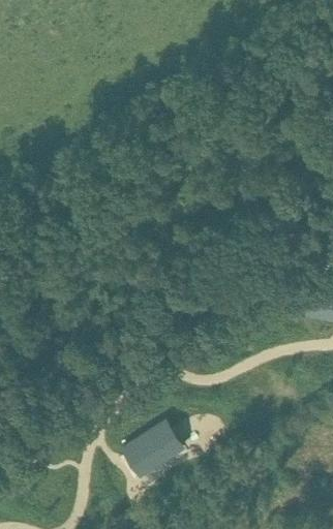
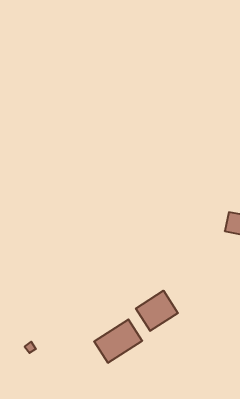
building: none -> [136,291,178,331]

